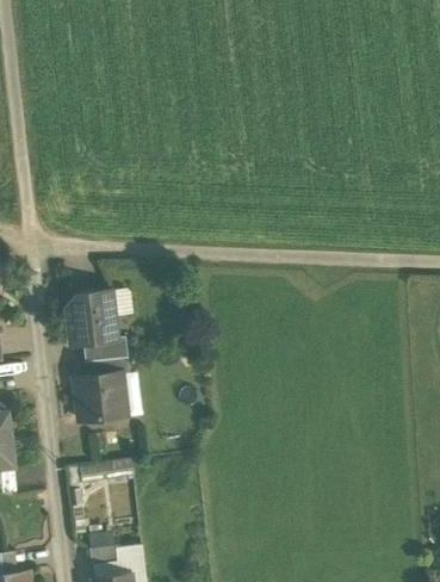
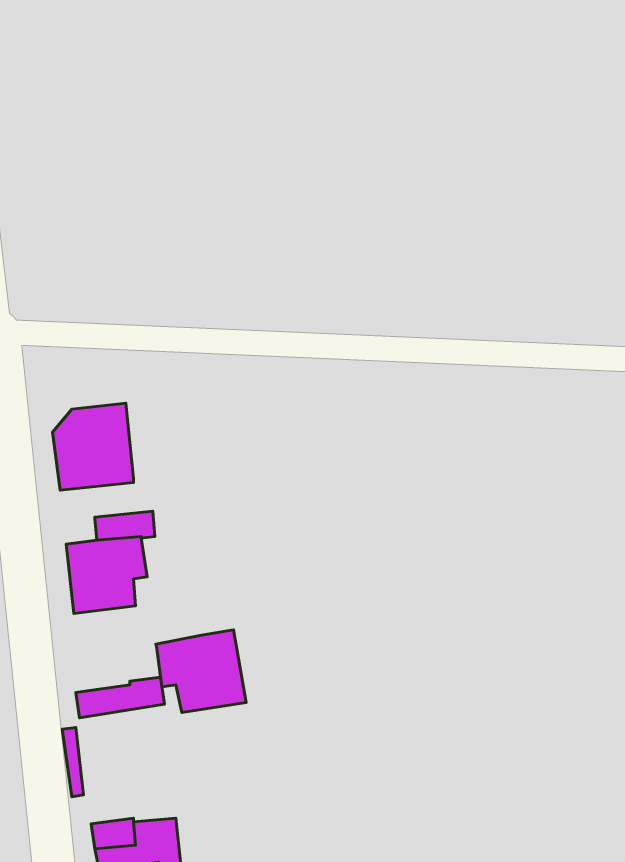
building: [85,340,130,366] -> none
building: none -> [156,630,246,713]

